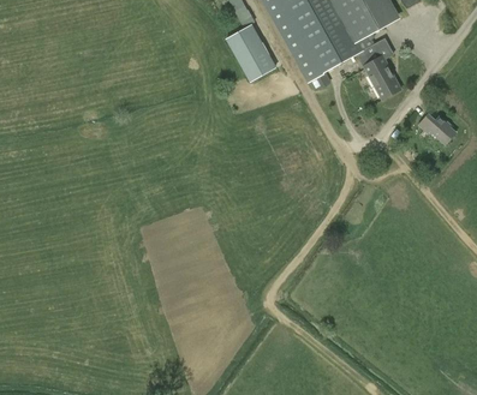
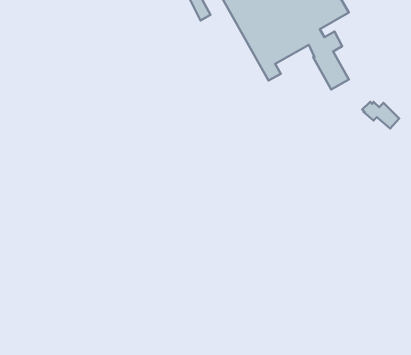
building: [226,24,276,82] -> none

